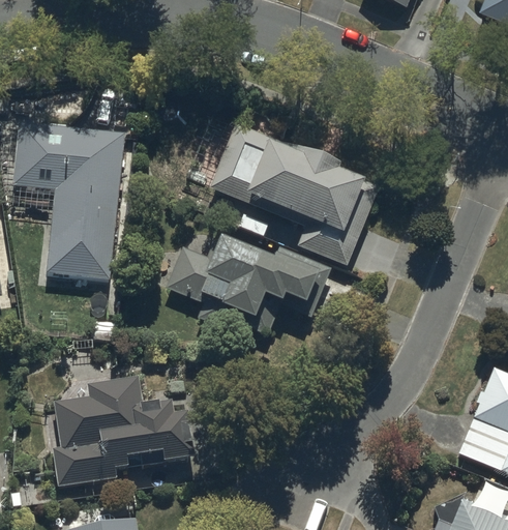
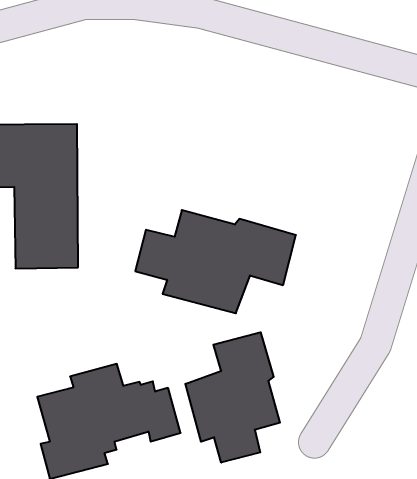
building: [211,126,380,266] -> none
building: none -> [185,332,280,463]

